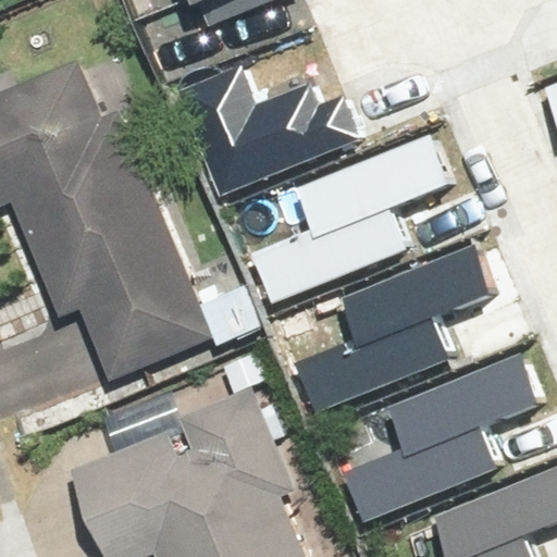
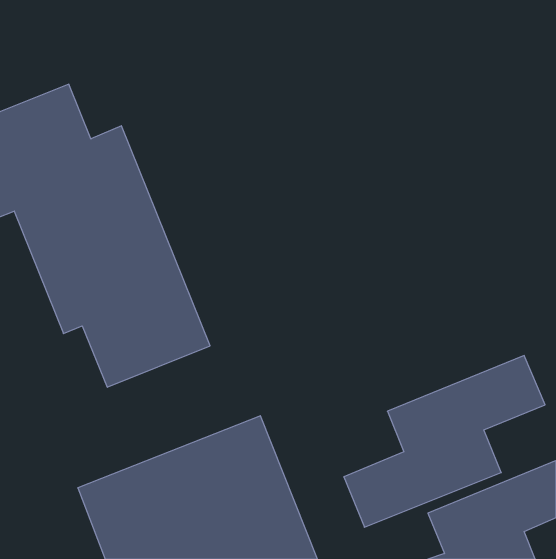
building: [213,72,360,171] -> none
building: [256,133,456,304] -> none
building: [296,233,496,404] -> none

